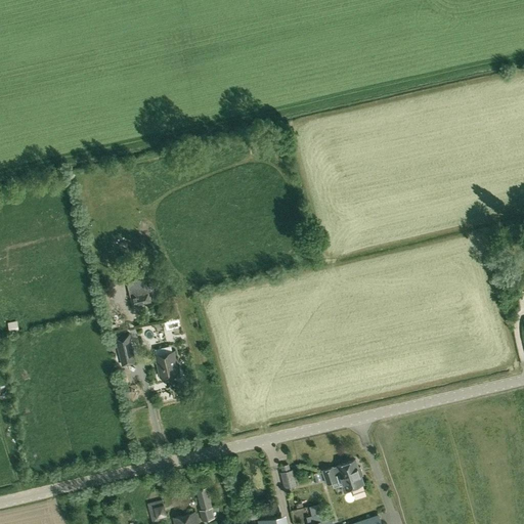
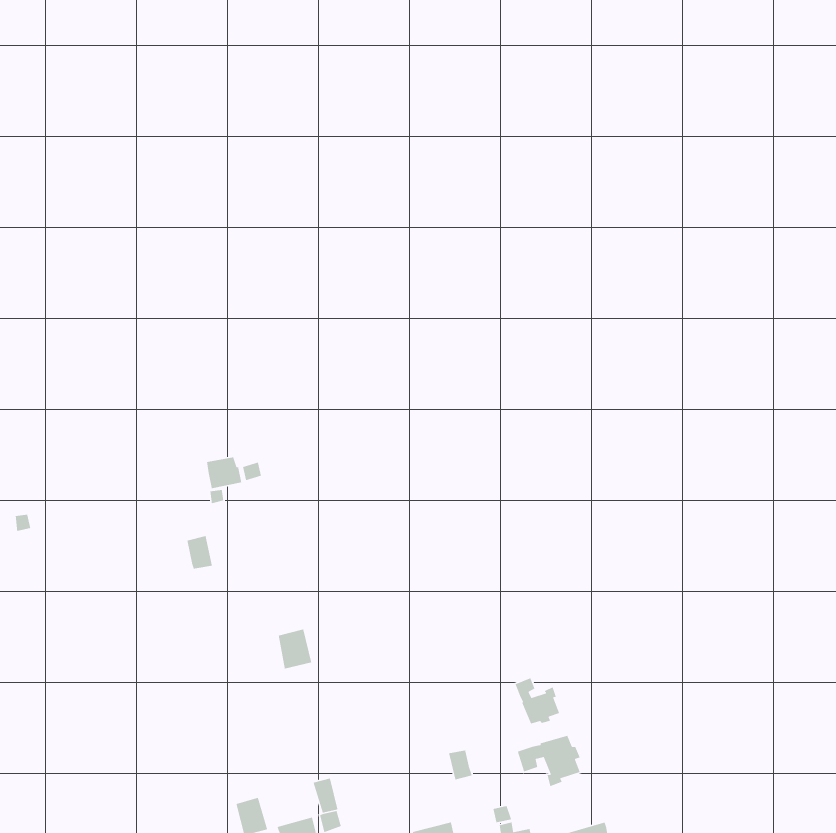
building: [157,353,178,379] -> [278,629,312,669]
building: none -> [515,677,560,724]

